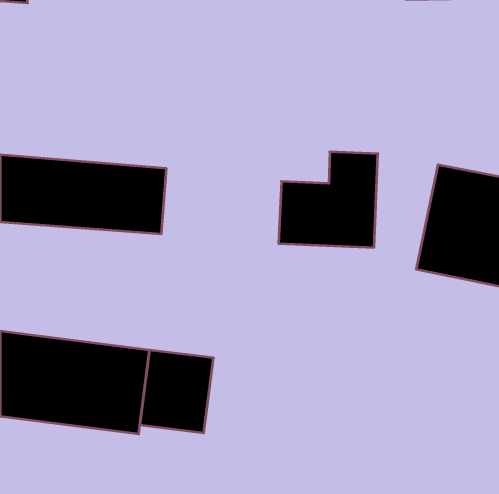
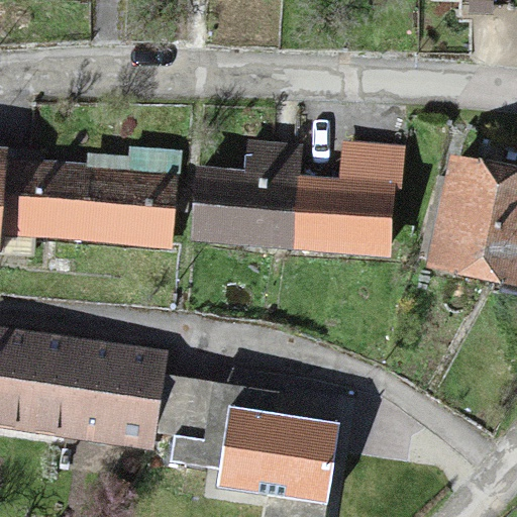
building: none -> [192,143,295,249]
building: none -> [211,367,319,479]

